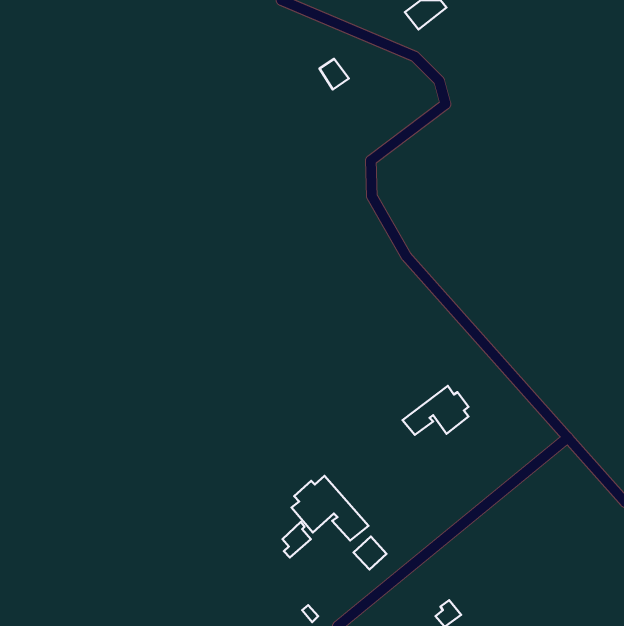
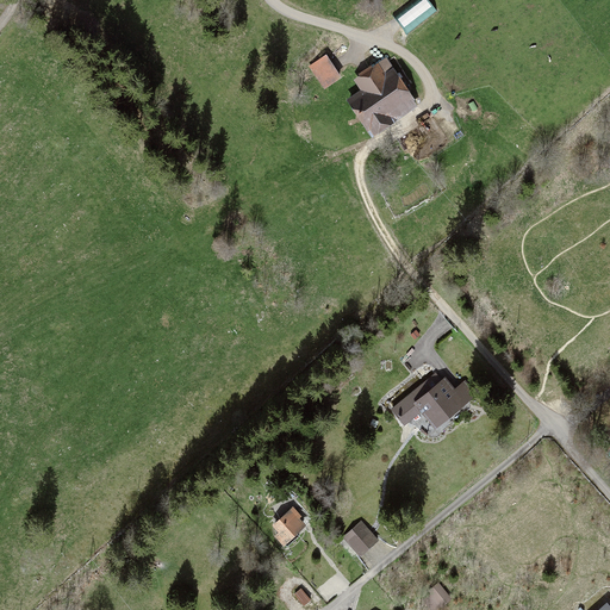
building: none -> [351,62,416,135]
building: [292,476,368,541] -> none

